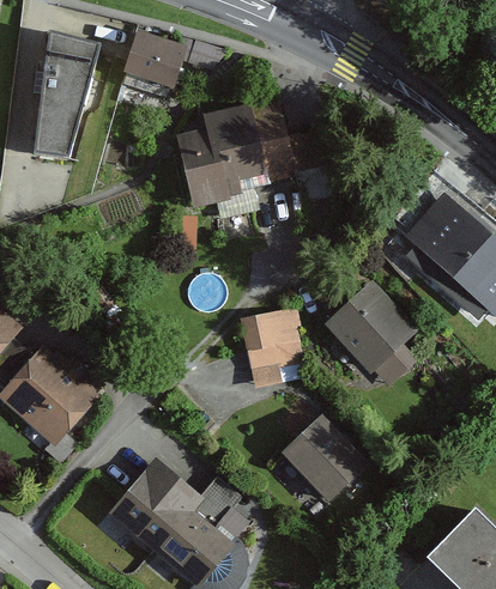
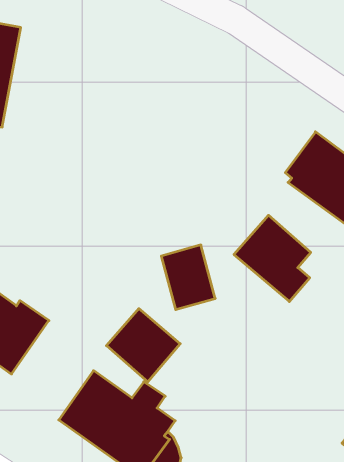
building: [123,26,218,87] -> none
building: [177,93,329,208] -> none
building: [286,420,374,508] -> [106,309,180,382]

